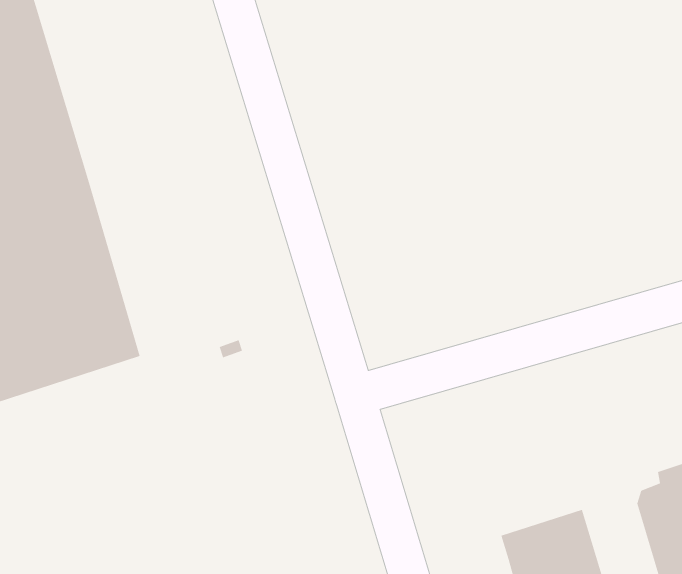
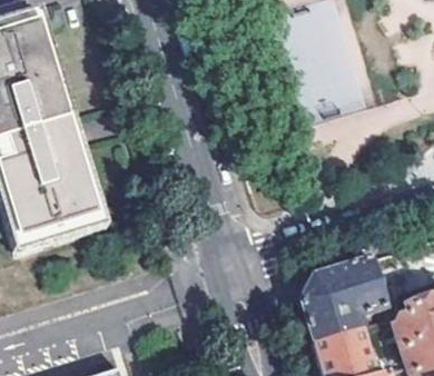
building: none -> [302,255,388,340]

